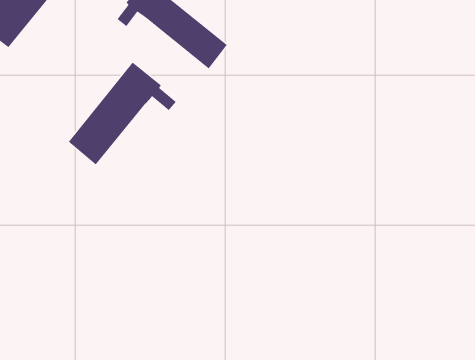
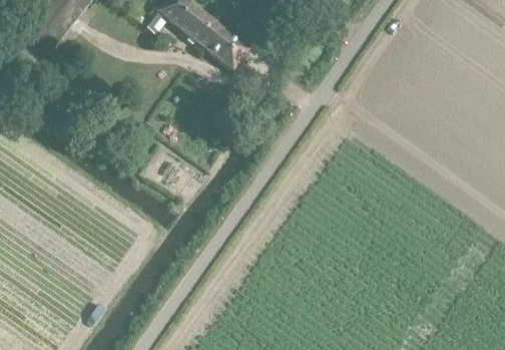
building: [68,62,177,165] -> none

